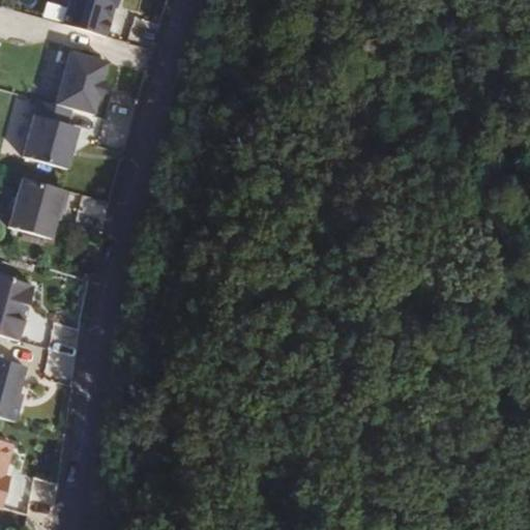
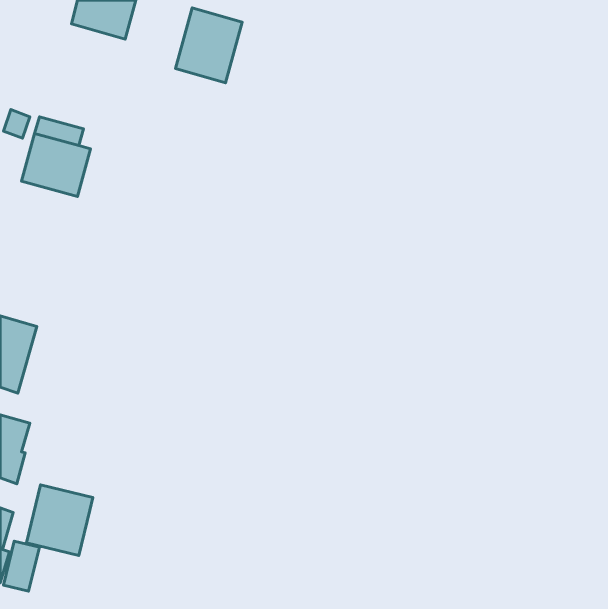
building: [53,49,111,114] -> [176,8,242,83]
building: [5,176,65,242] -> none
building: none -> [27,485,93,555]

